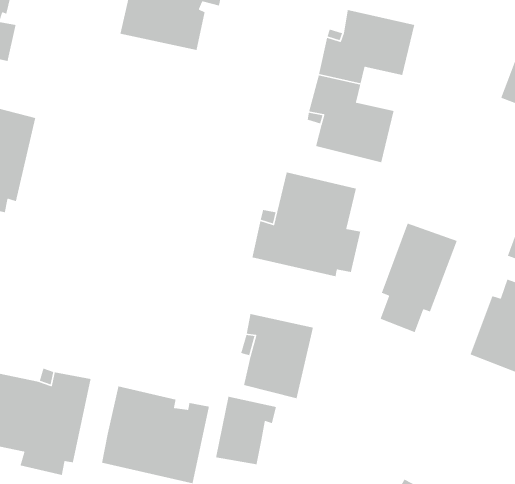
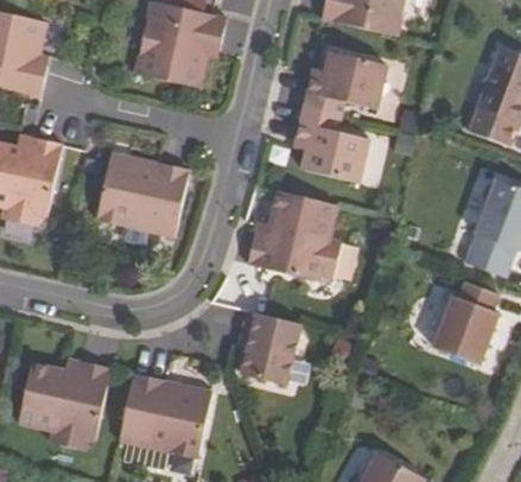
building: none -> [96,152,189,236]
building: [379,222,458,333] -> none
building: [215,396,277,465] -> none

